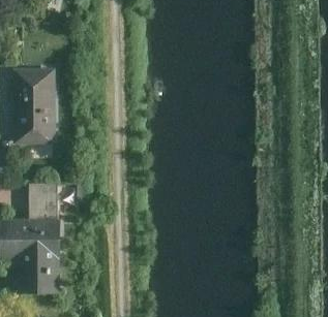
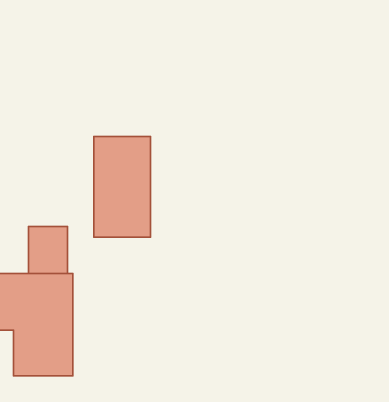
building: [13,68,56,144] -> [94,136,150,237]

